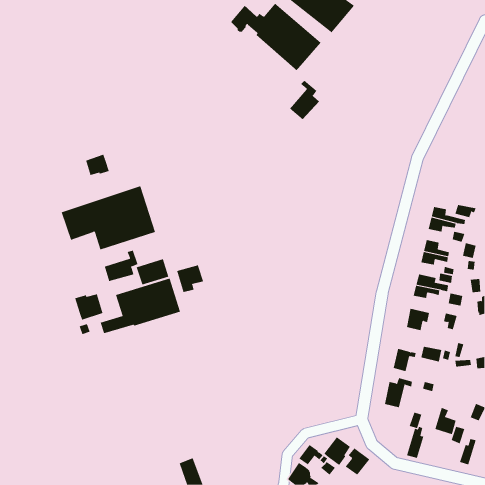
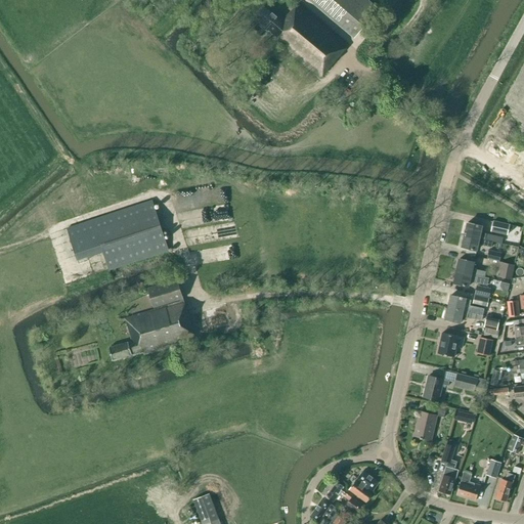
building: [289,80,320,120] -> none
building: [85,154,110,176] -> none
building: [104,250,138,282] -> none
building: [176,265,204,293] -> none
building: [74,294,103,321] -> none
building: [434,407,456,435] -> [455,470,479,499]
building: [345,447,370,476] -> none

